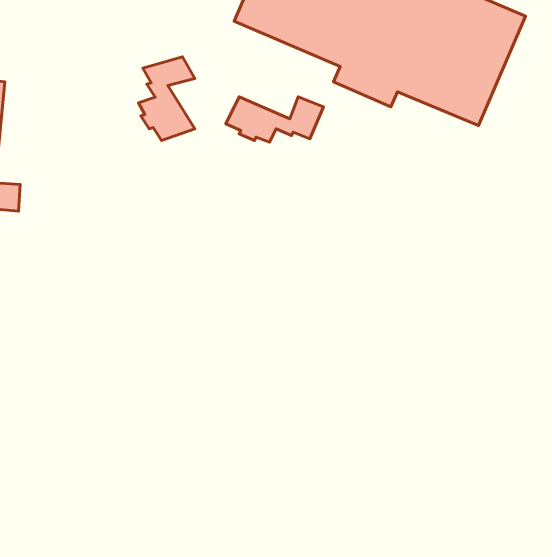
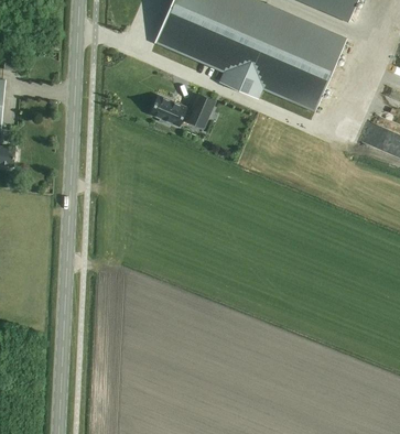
building: [139,57,195,140] -> none

